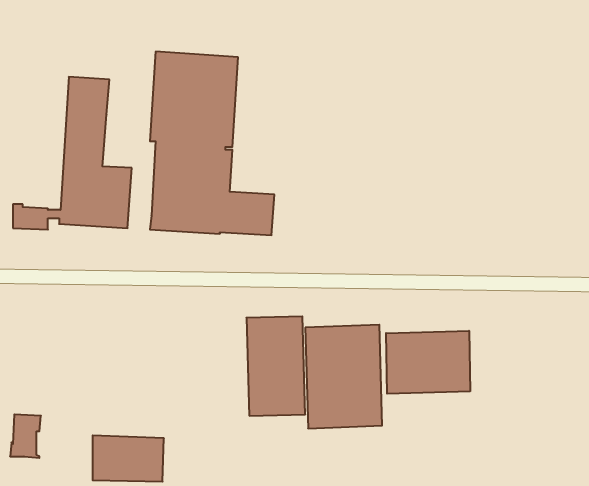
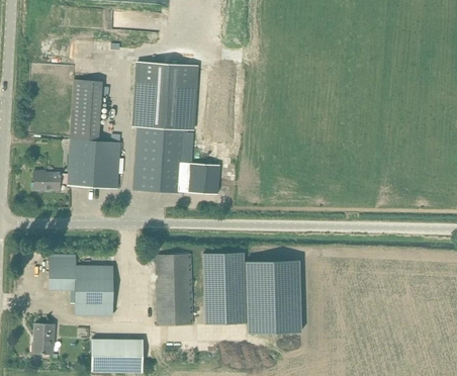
building: none -> [156,254,194,326]
building: none -> [50,258,113,315]
building: [386,331,470,394] -> none

